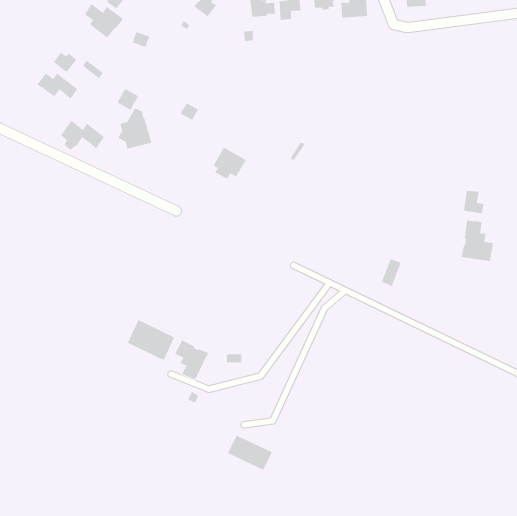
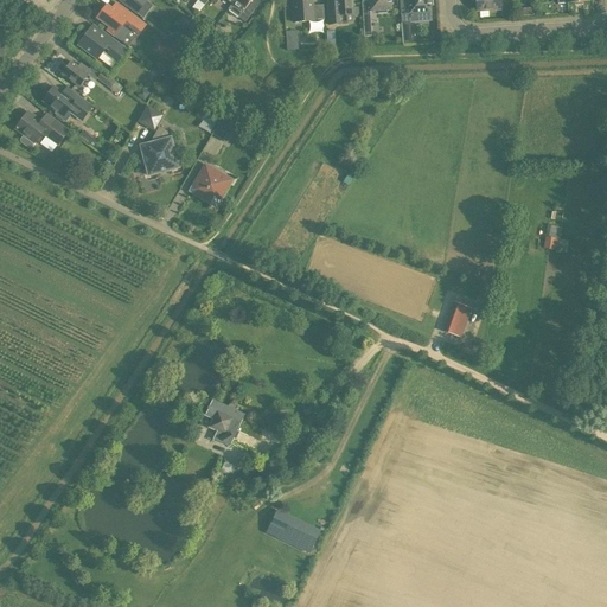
building: none -> [78,30,126,62]
building: [60,120,105,150] -> [14,110,66,146]
building: [213,147,247,179] -> [192,164,231,202]
building: [461,219,494,262] -> none
building: [127,319,175,361] -> none

